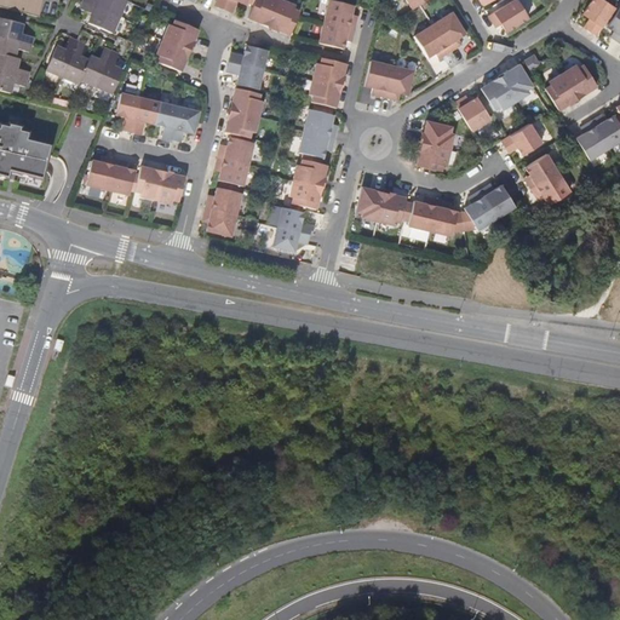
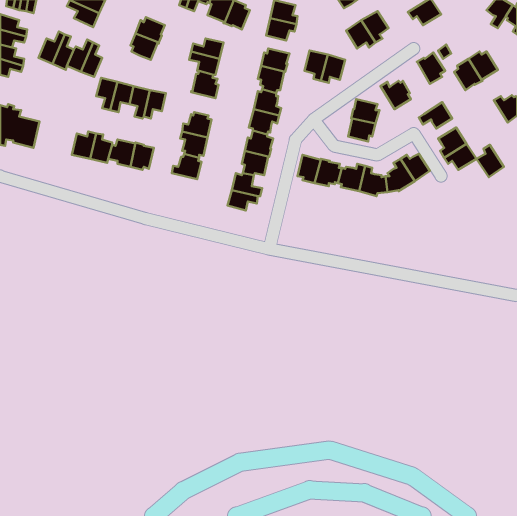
building: [481,75,515,111] -> none
building: [224,110,258,138] -> none
building: [575,120,608,159] -> [477,145,504,177]
building: [203,207,236,236] -> none

